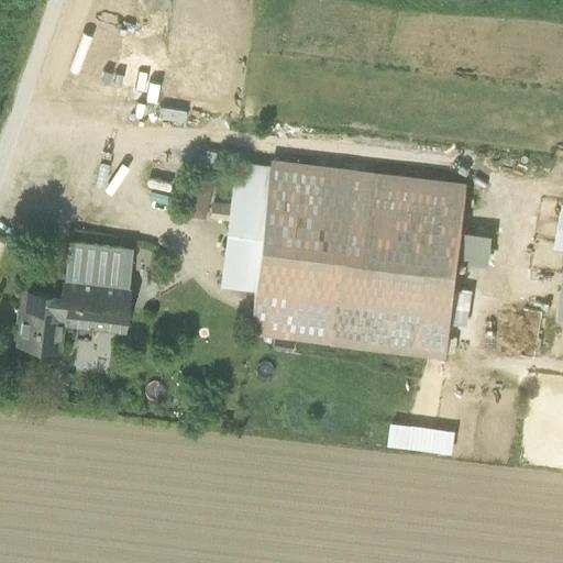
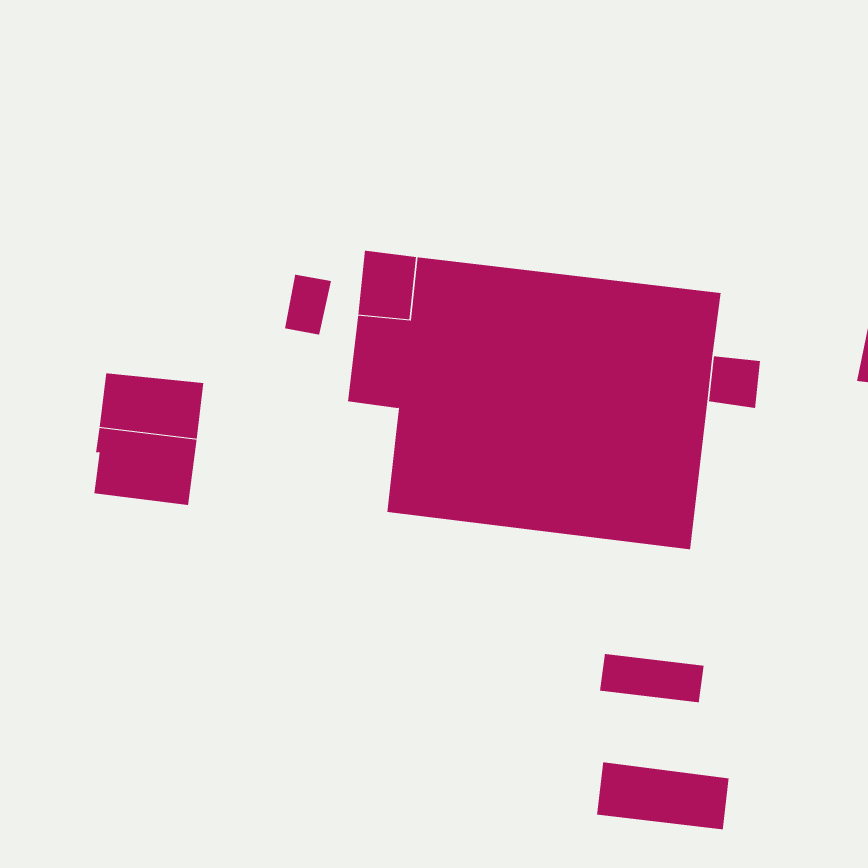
building: [223,261,258,284] -> none
building: [20,289,65,346] -> none
building: none -> [596,761,729,830]

